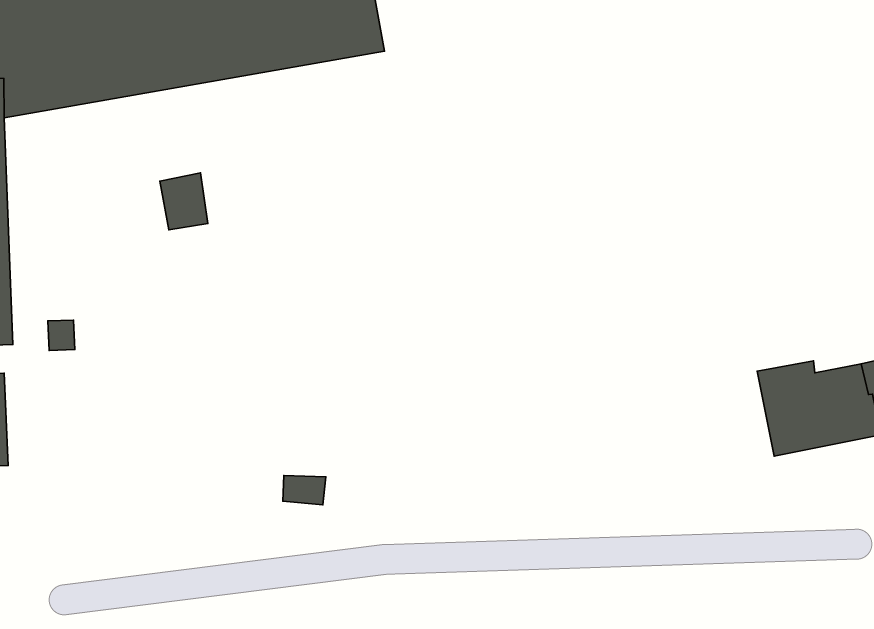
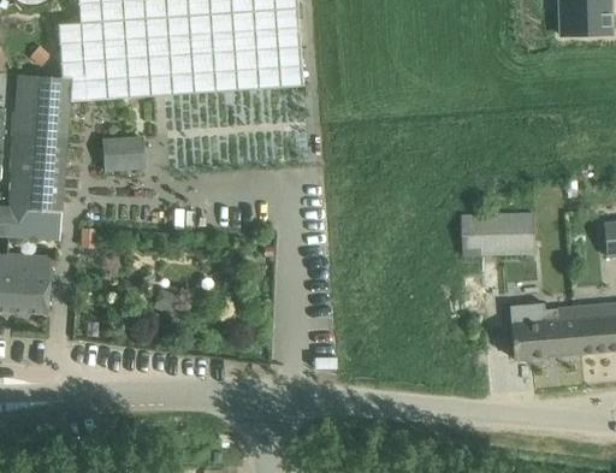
building: [160,173,208,230] -> [116,136,142,168]
building: none -> [458,209,534,256]

